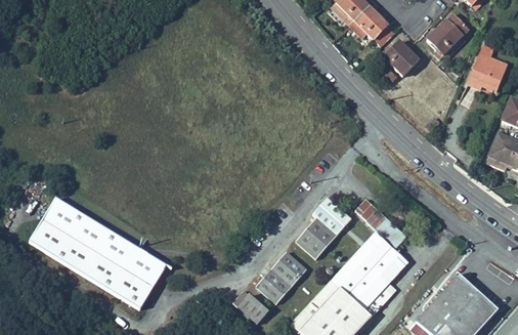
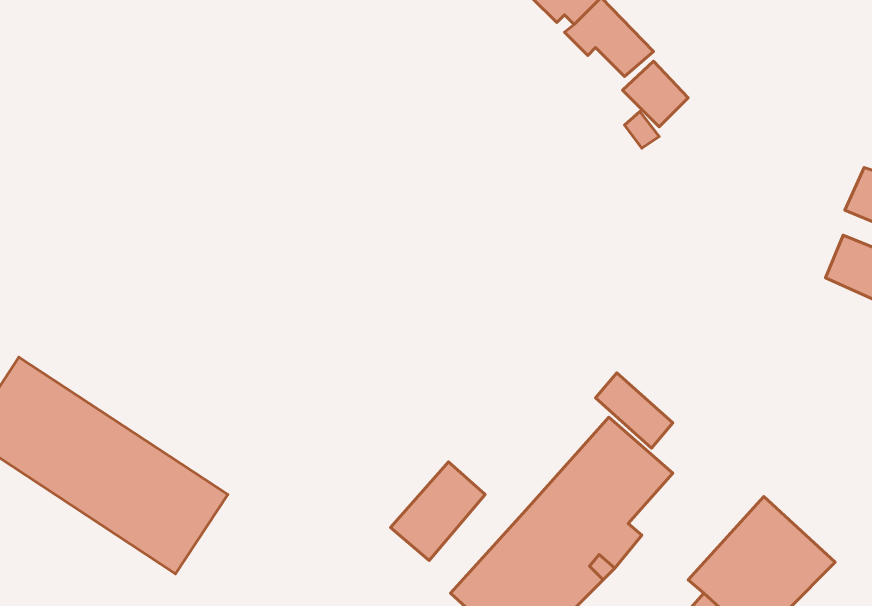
building: [426,13,467,58] -> none
building: [467,54,506,92] -> none
building: [298,199,353,260] -> none
building: [238,293,270,325] -> none

